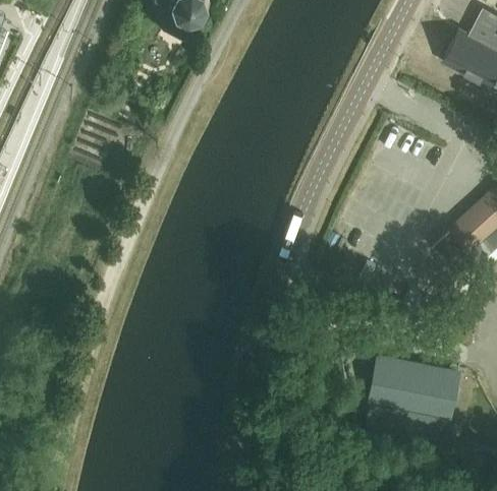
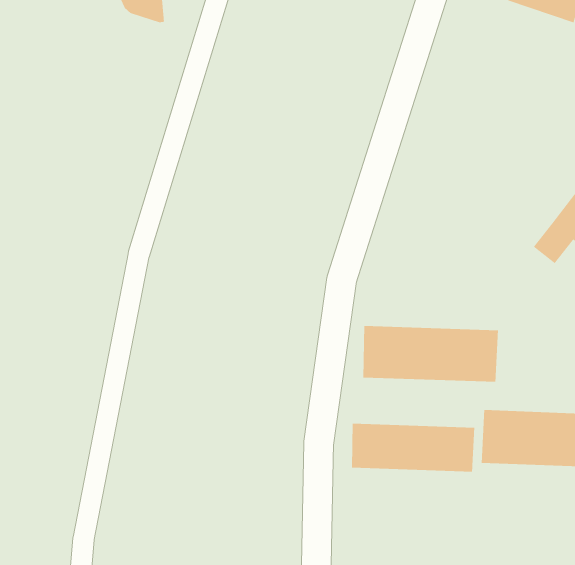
building: none -> [363,325,499,383]
building: none -> [351,423,475,472]

